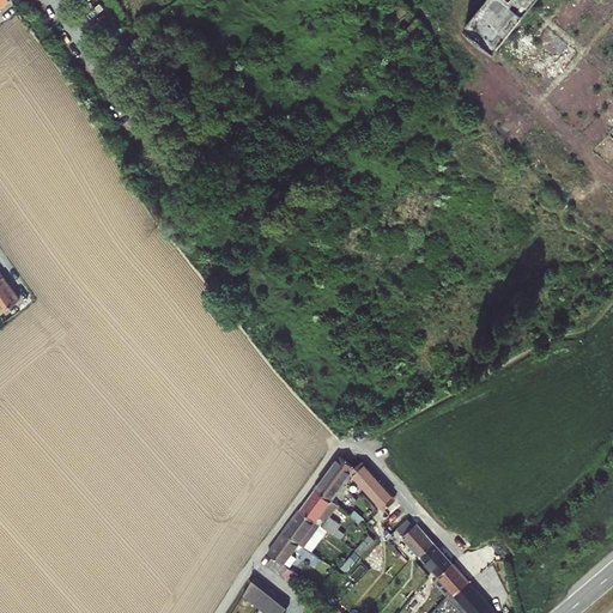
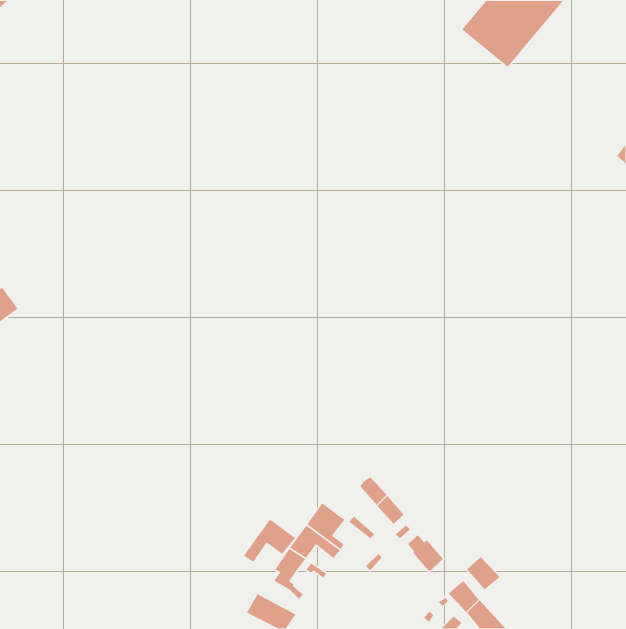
building: [314,456,353,500] -> none
building: none -> [243,518,296,563]
building: [418,544,451,577] -> [466,556,501,591]

